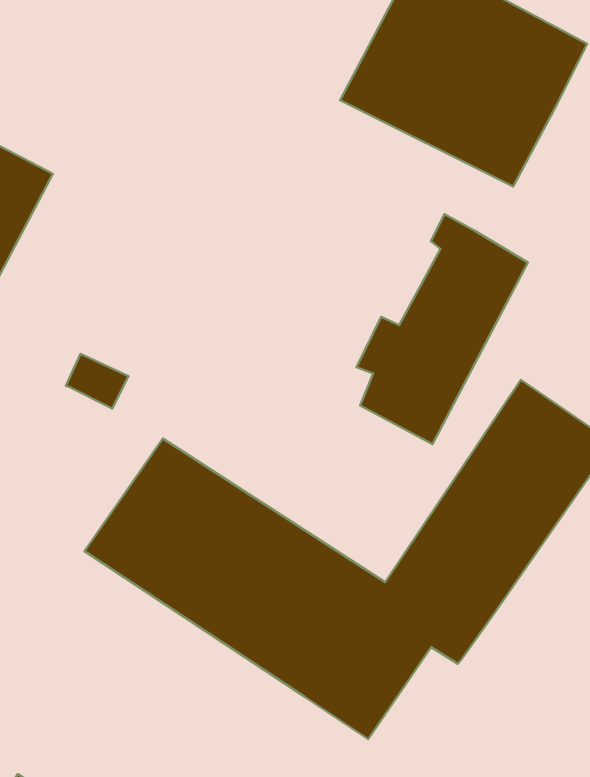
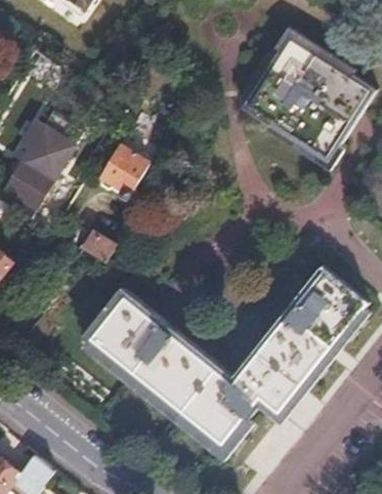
building: none -> [97,149,151,202]
building: [357,214,528,444] -> none

